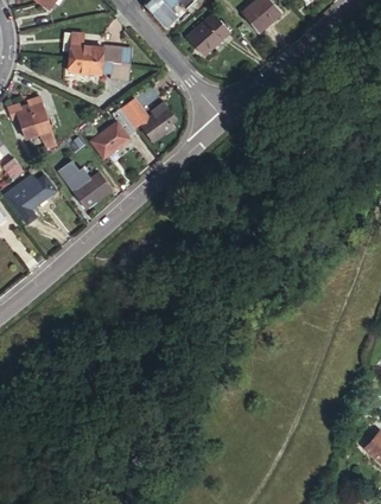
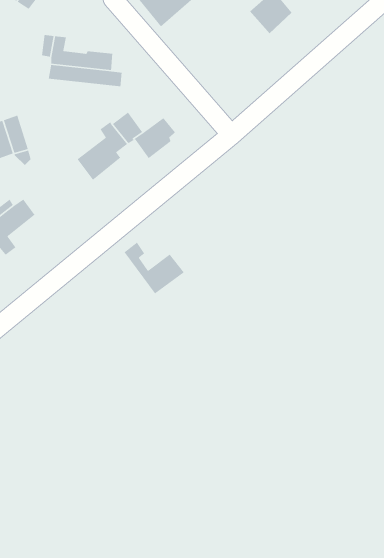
building: [188,13,230,55] -> none
building: [59,160,113,206] -> [124,241,185,294]

